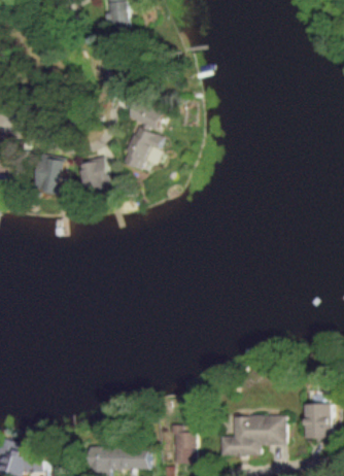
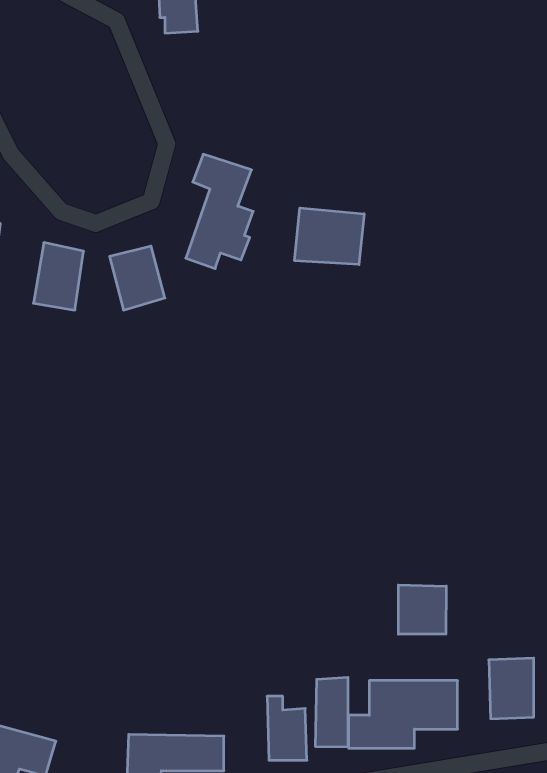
building: none -> [295,208,364,265]
building: none -> [398,585,446,634]
building: none -> [316,677,348,747]

